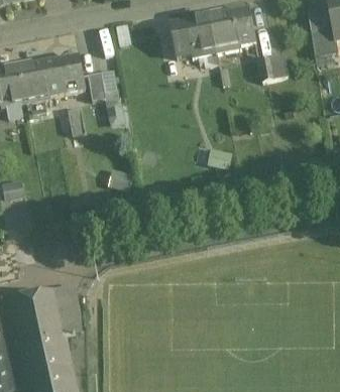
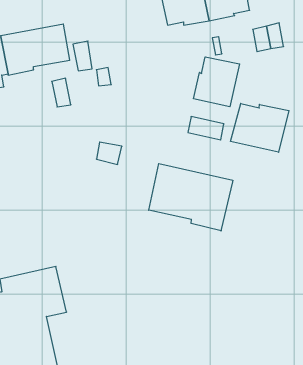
building: none -> [194,57,240,107]
building: none -> [231,103,289,152]
building: none -> [149,164,233,231]

